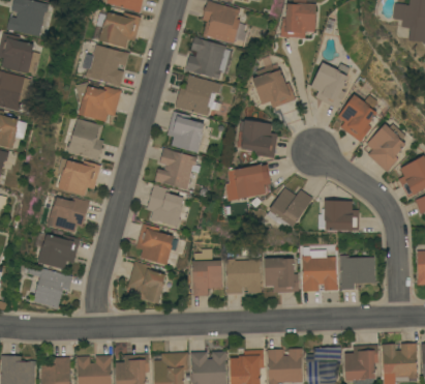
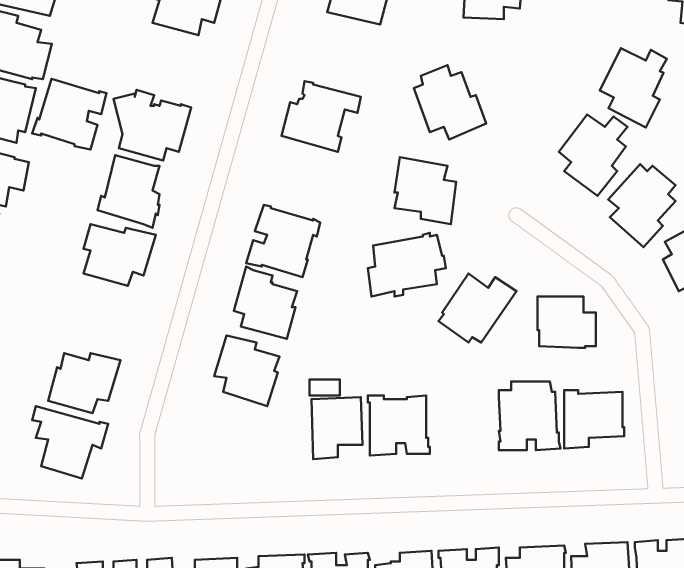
building: [184,34,229,78] -> none
building: [86,46,129,87] -> [32,79,106,150]
building: [310,63,350,110] -> [600,48,667,128]
building: [168,112,205,153] -> none
building: [48,197,91,233] -> none
building: [264,259,299,294] -> none
building: [127,262,165,304] -> none

